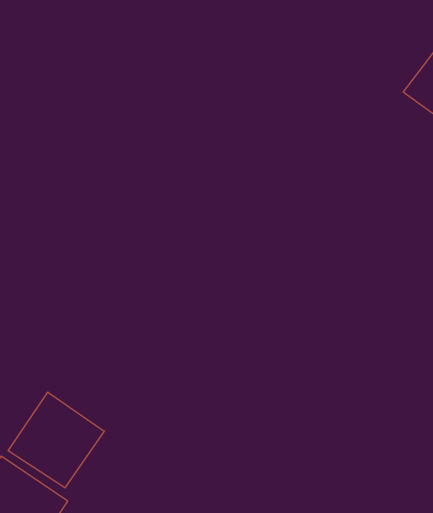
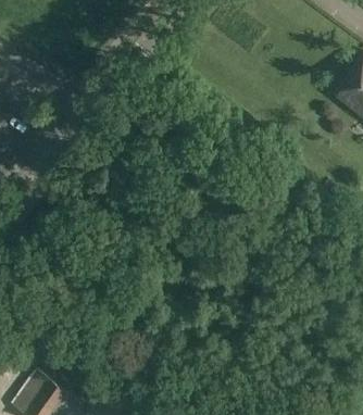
building: [8,392,104,488] -> none

